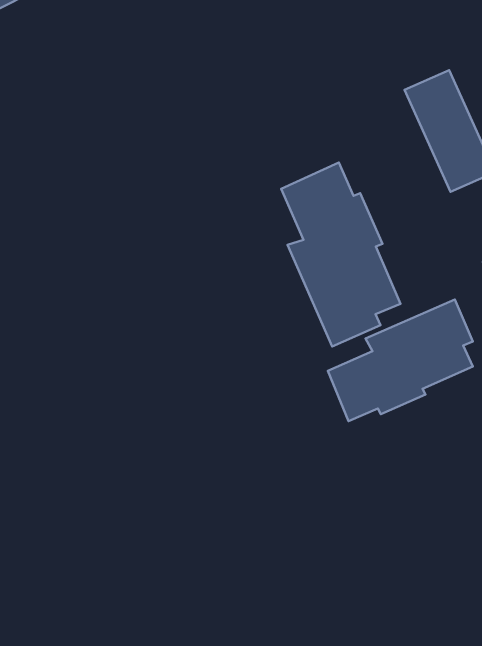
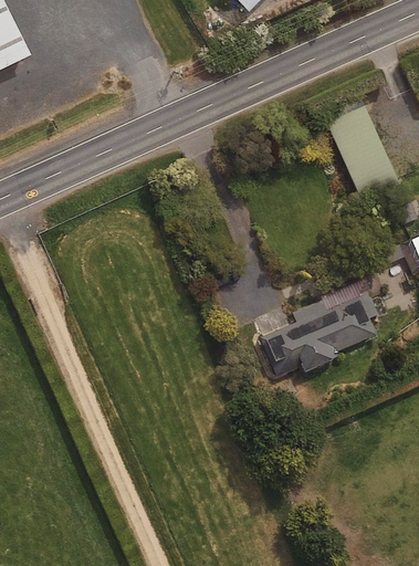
building: [281,163,400,347] -> none

